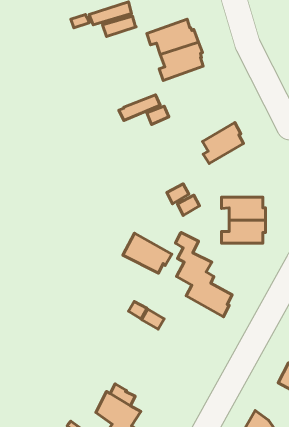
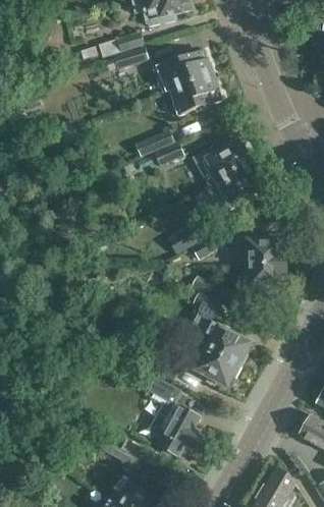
building: none -> [202,140,254,182]
building: [123,233,172,273] -> [190,344,241,387]
building: none -> [150,378,204,457]

